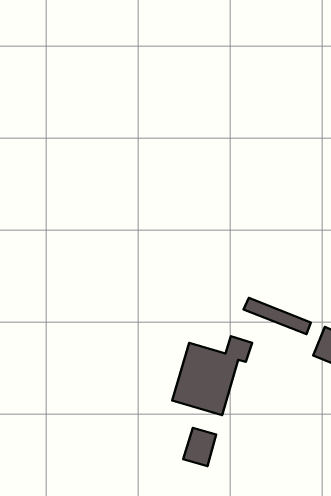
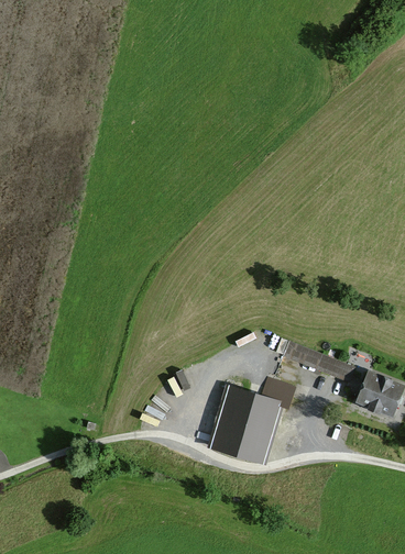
building: [183,428,216,466] -> none

